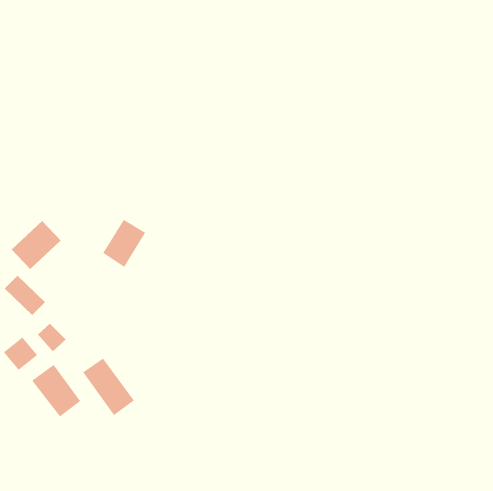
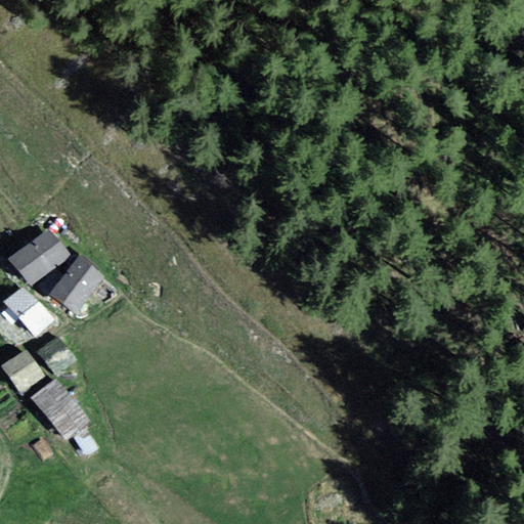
building: [102,219,146,268] -> [54,259,100,310]
building: [82,357,135,416] -> none

